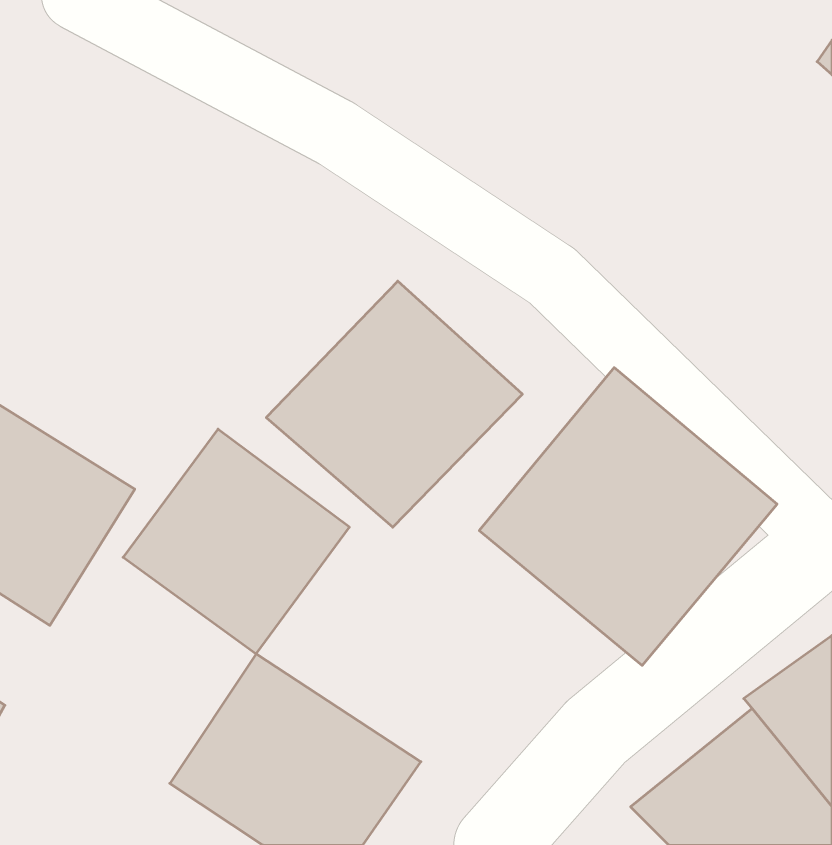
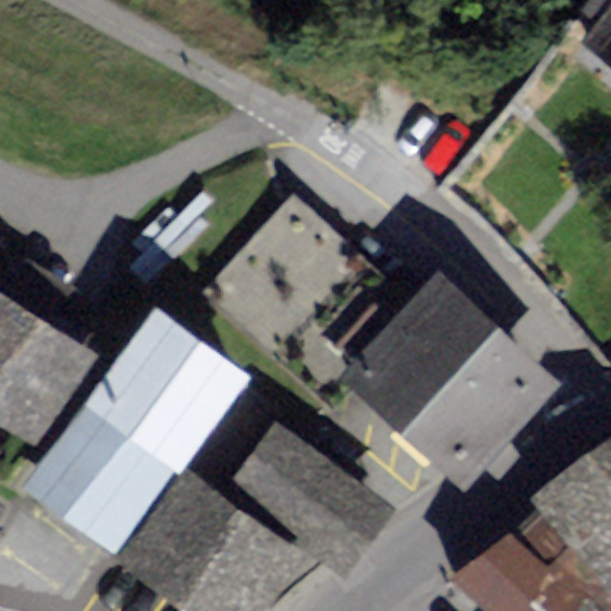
building: none -> [29,408,169,549]
building: none -> [229,421,391,566]

